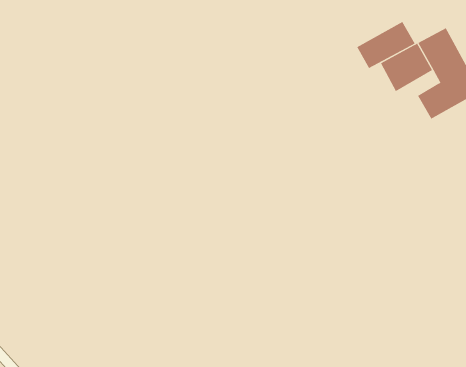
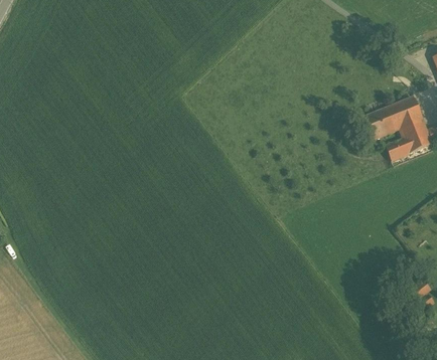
building: [357,21,416,69] -> none

